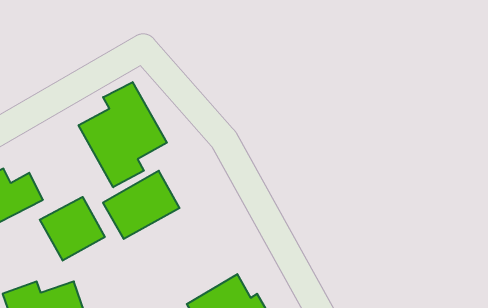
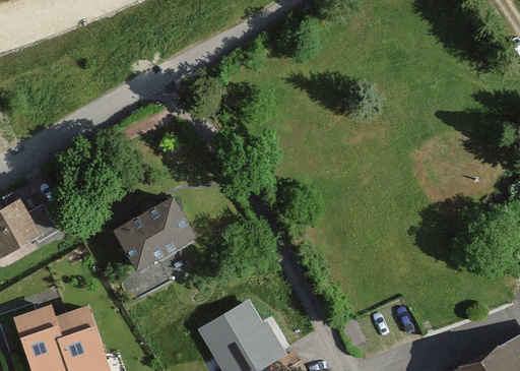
building: [79,82,167,187] -> none
building: [40,197,105,261] -> none

